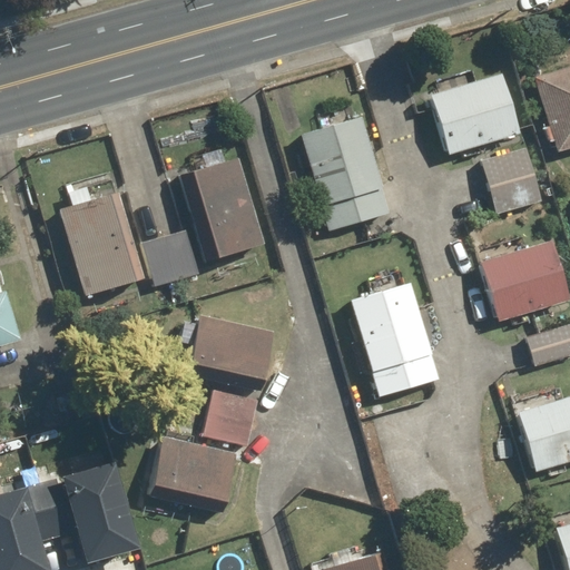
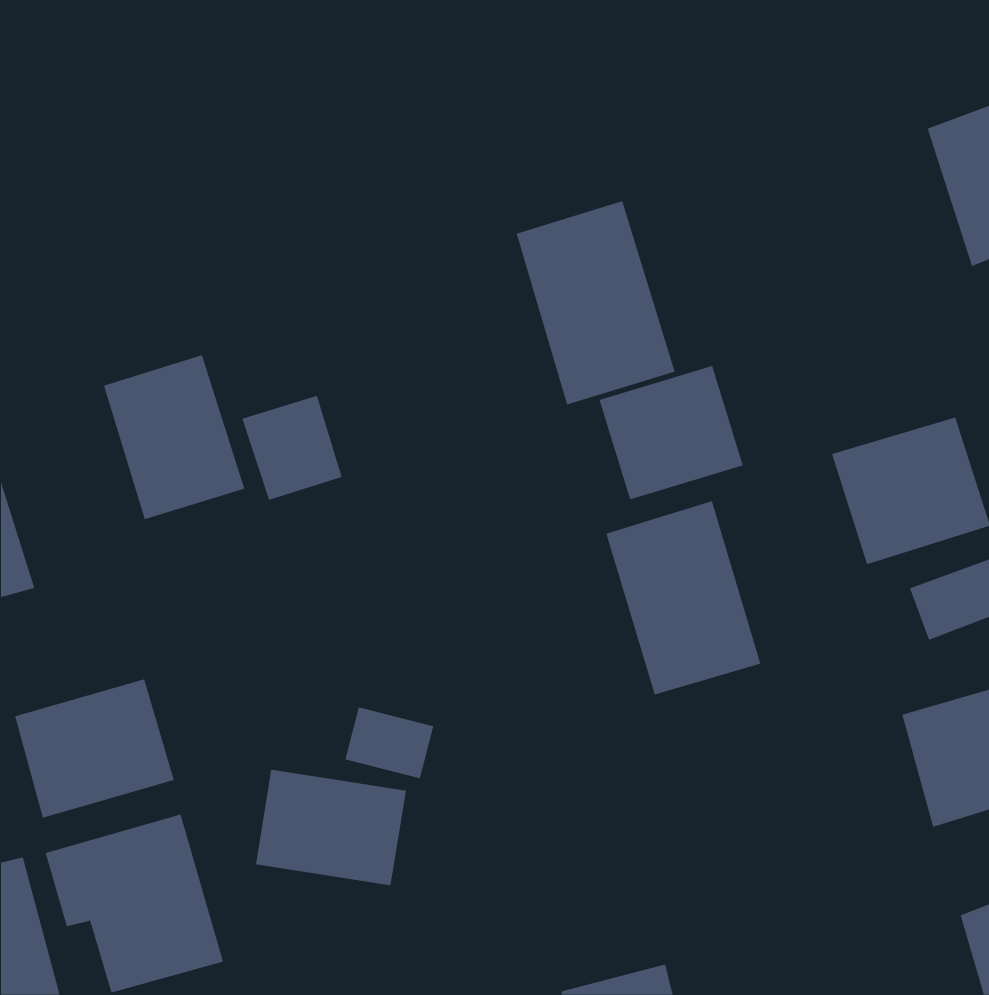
building: [433,76,520,151] -> none
building: [480,144,543,215] -> none
building: [189,155,266,258] -> none
building: none -> [599,365,743,500]
building: [186,315,275,379] -> none
building: none -> [15,679,175,819]

